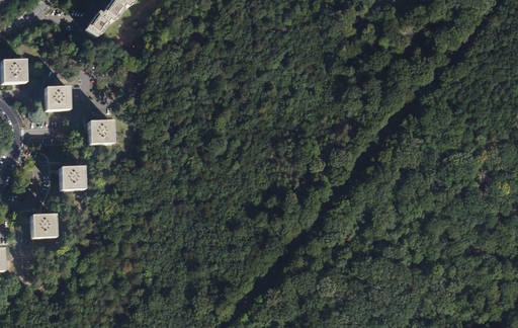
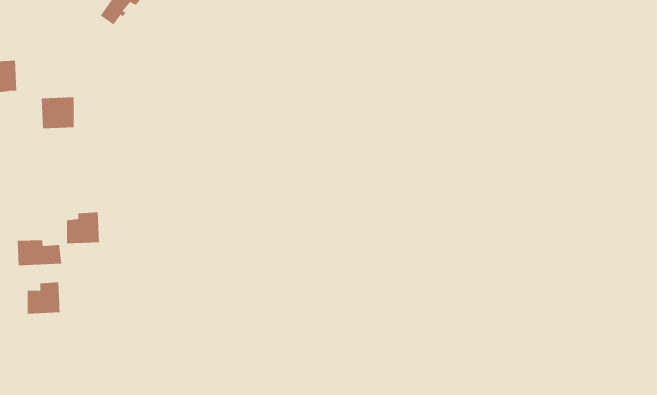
building: [88,120,112,144] -> none
building: none -> [17,239,62,266]

